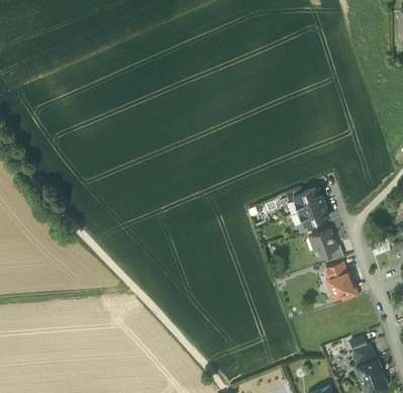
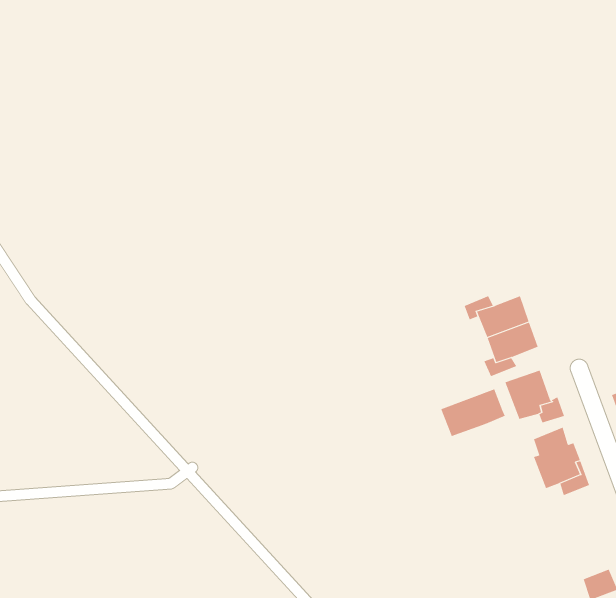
building: none -> [440,388,505,437]

